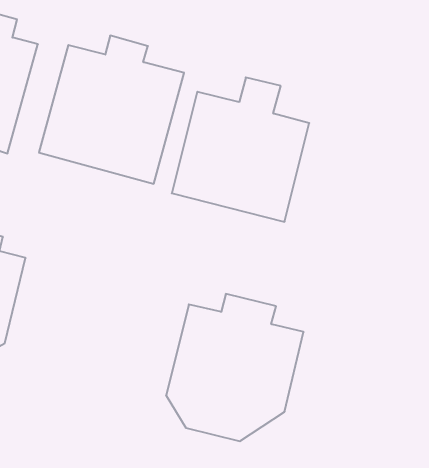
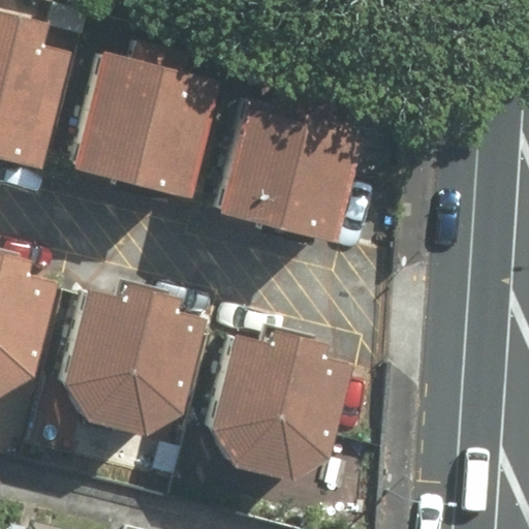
building: none -> [60,277,203,437]

